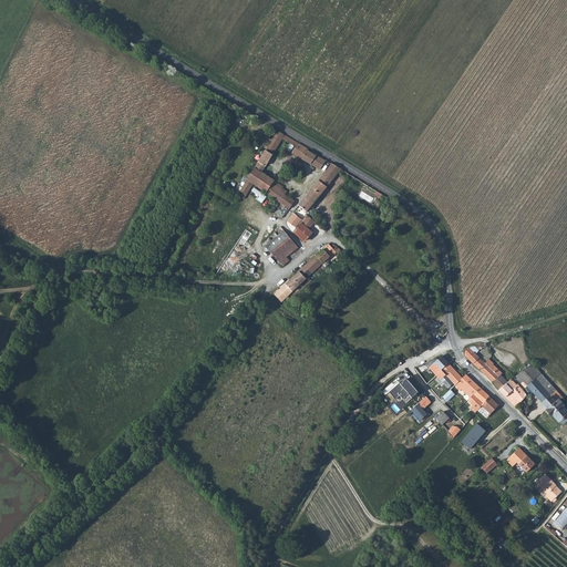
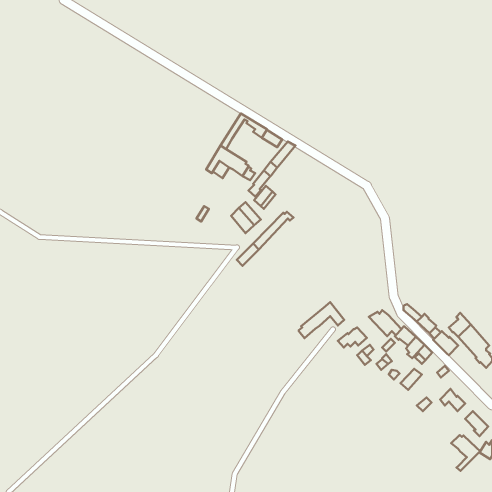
building: none -> [299,302,344,338]
building: none -> [451,435,480,471]

